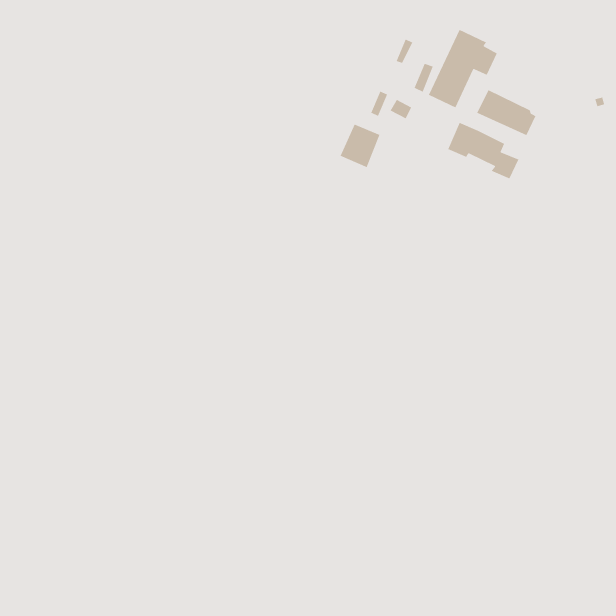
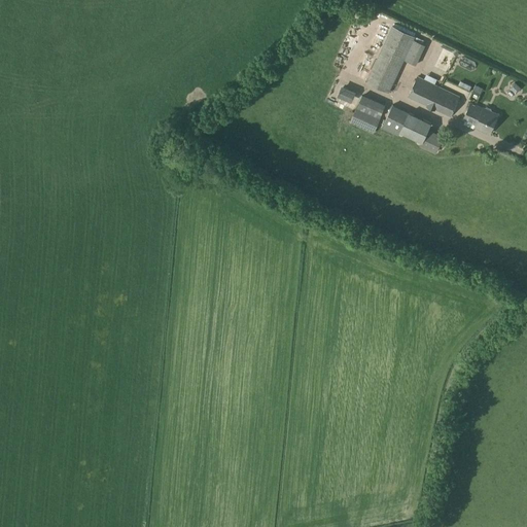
building: none -> [462,104,498,133]
building: [340,123,381,168] -> [350,95,385,133]

